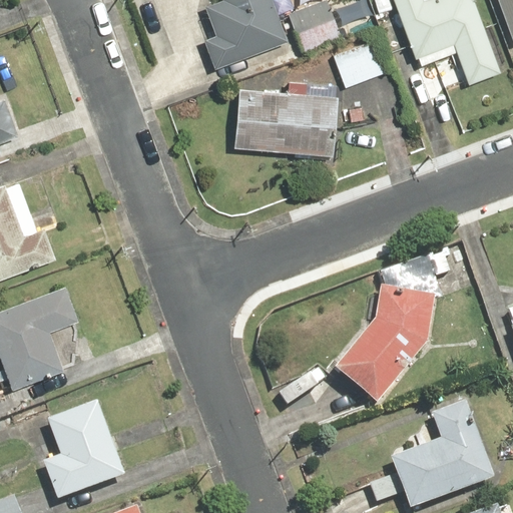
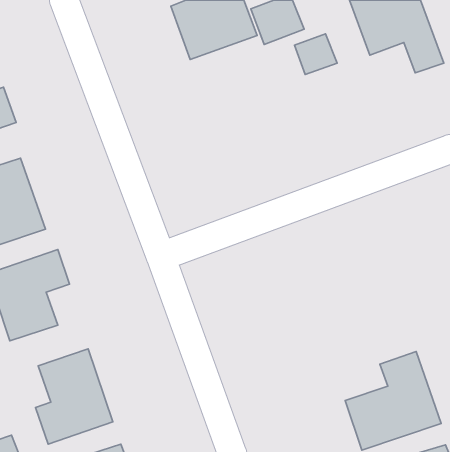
building: [233,85,339,154] -> none
building: [332,245,462,406] -> none

